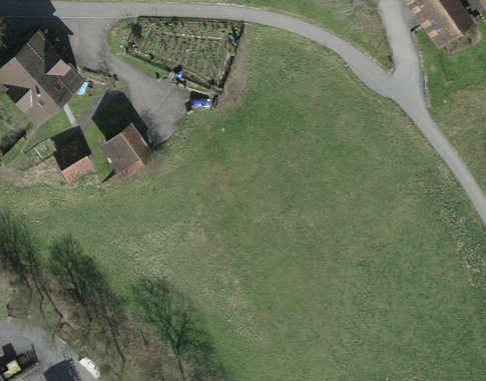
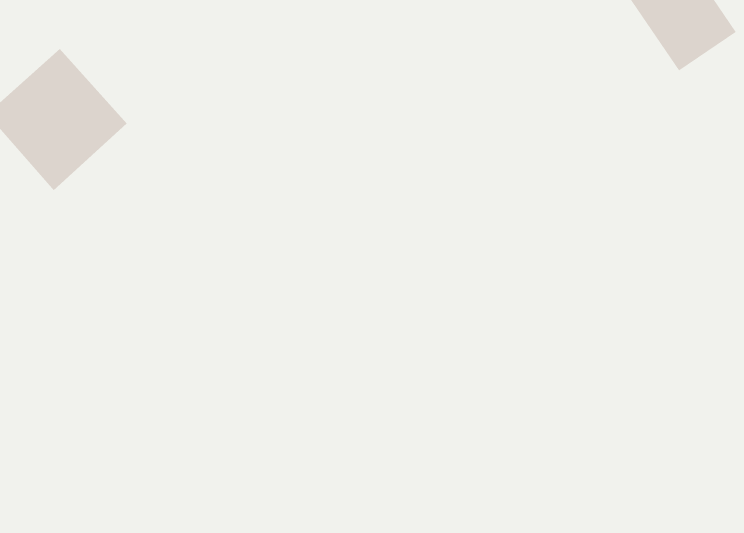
building: [100,125,153,178] -> none
building: [55,142,92,182] -> none

